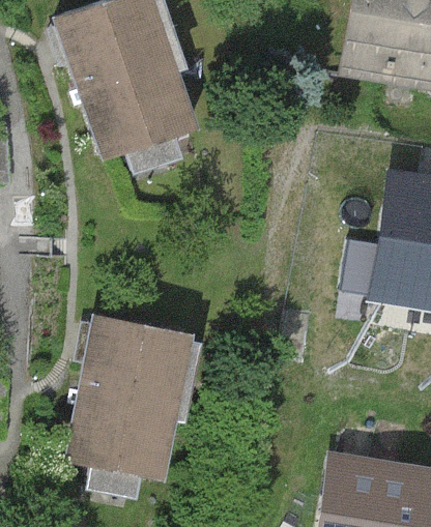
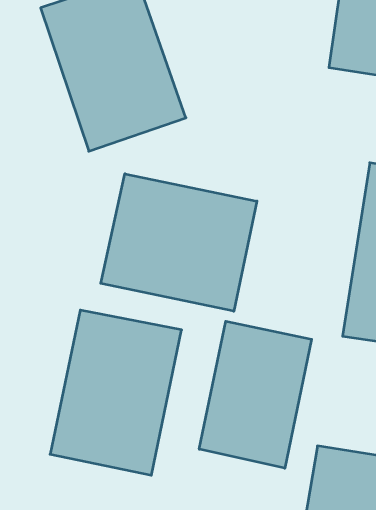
building: none -> [101,174,257,311]
building: none -> [199,321,312,468]

